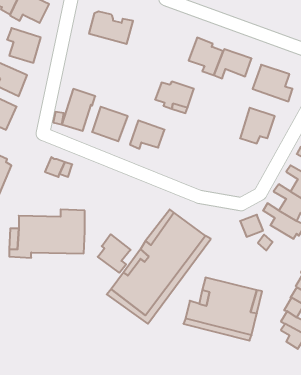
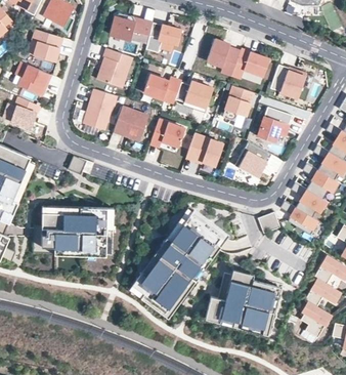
building: none -> [146,23,182,53]
building: none -> [97,49,132,88]
building: none -> [143,75,181,103]
building: none -> [222,86,253,122]
building: none -> [185,134,223,166]
building: none -> [234,142,271,179]
building: [98,234,131,273] -> none

